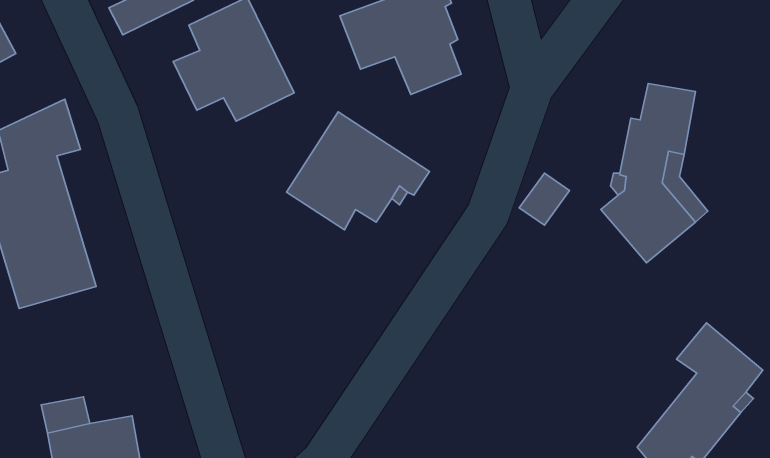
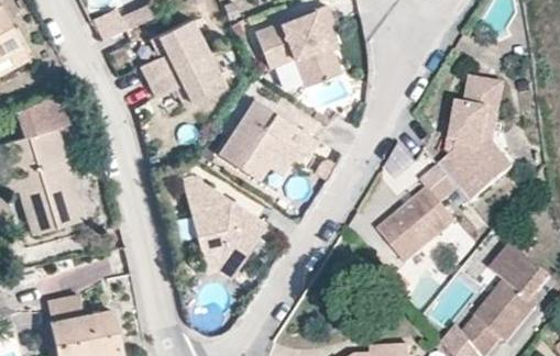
building: none -> [377,164,458,262]
building: none -> [180,174,266,276]

